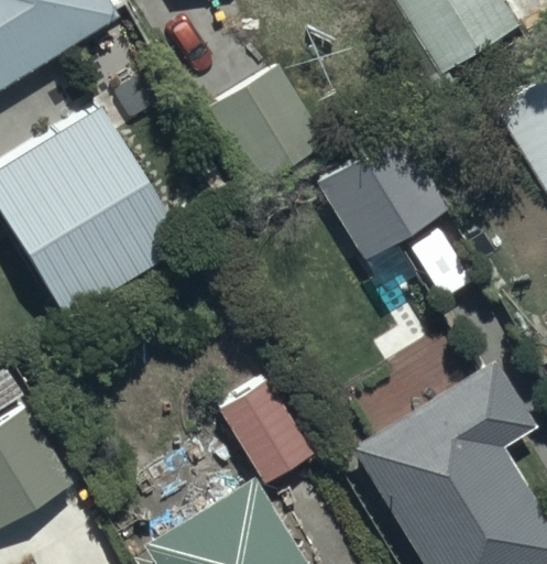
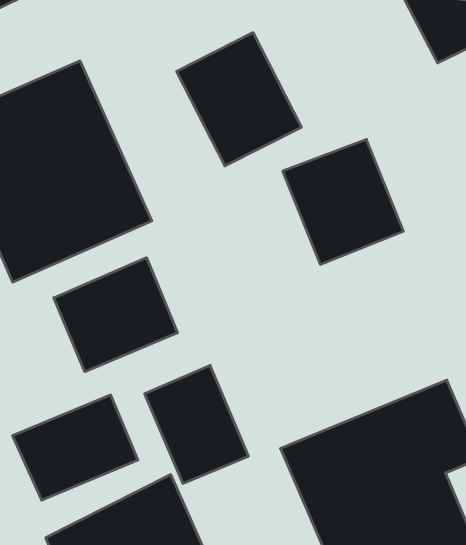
building: none -> [54,258,177,372]
building: none -> [13,395,138,500]

